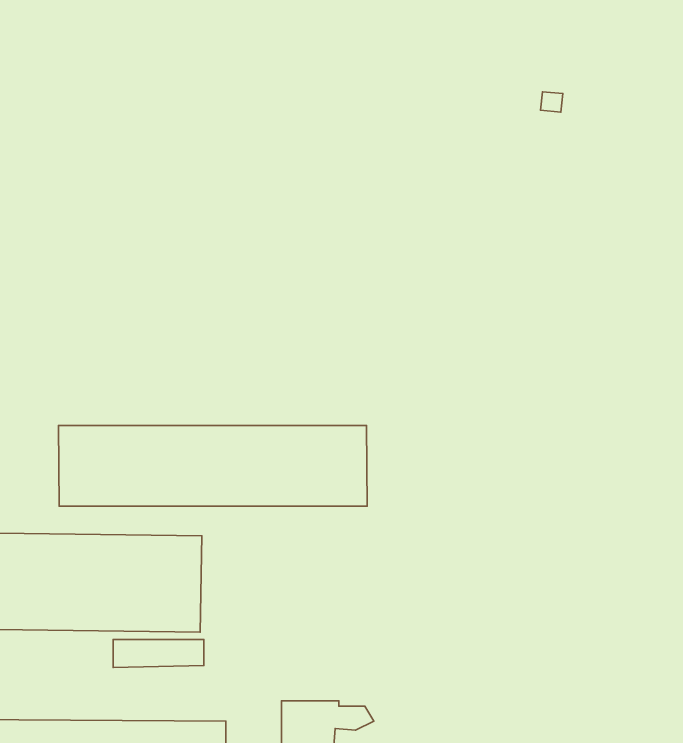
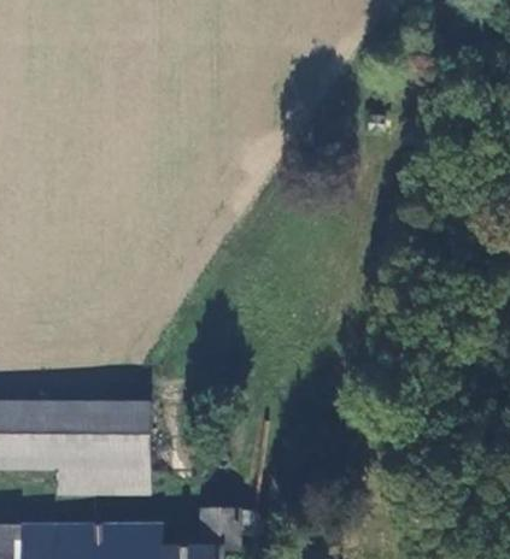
building: [58,425,367,506] -> none

